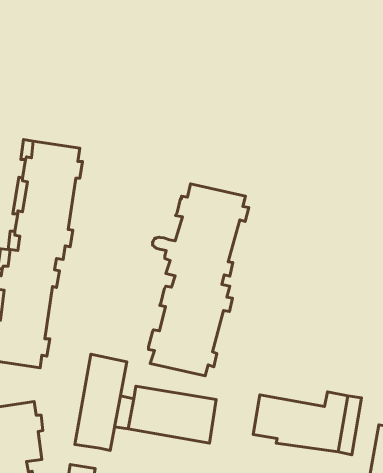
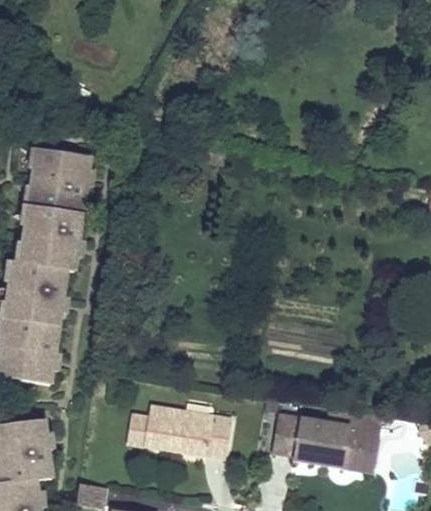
building: [149,184,249,376] -> none
building: [75,354,127,451] -> none

